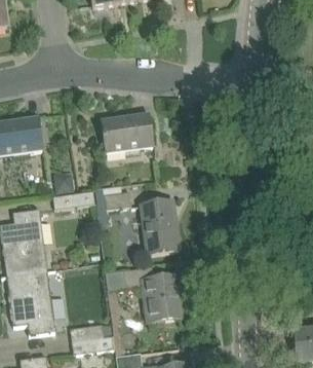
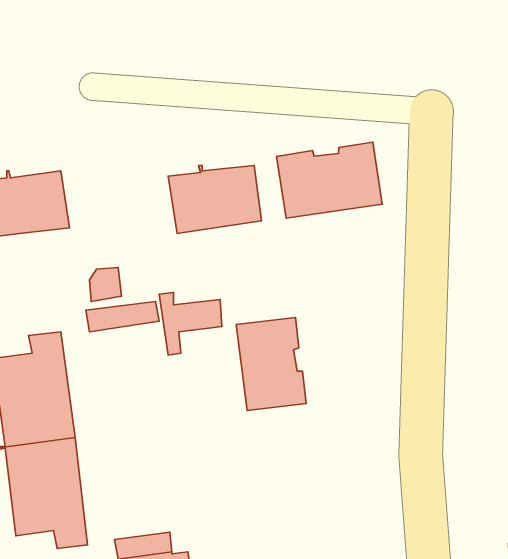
building: none -> [277,142,382,218]
building: [106,266,181,322] -> none

